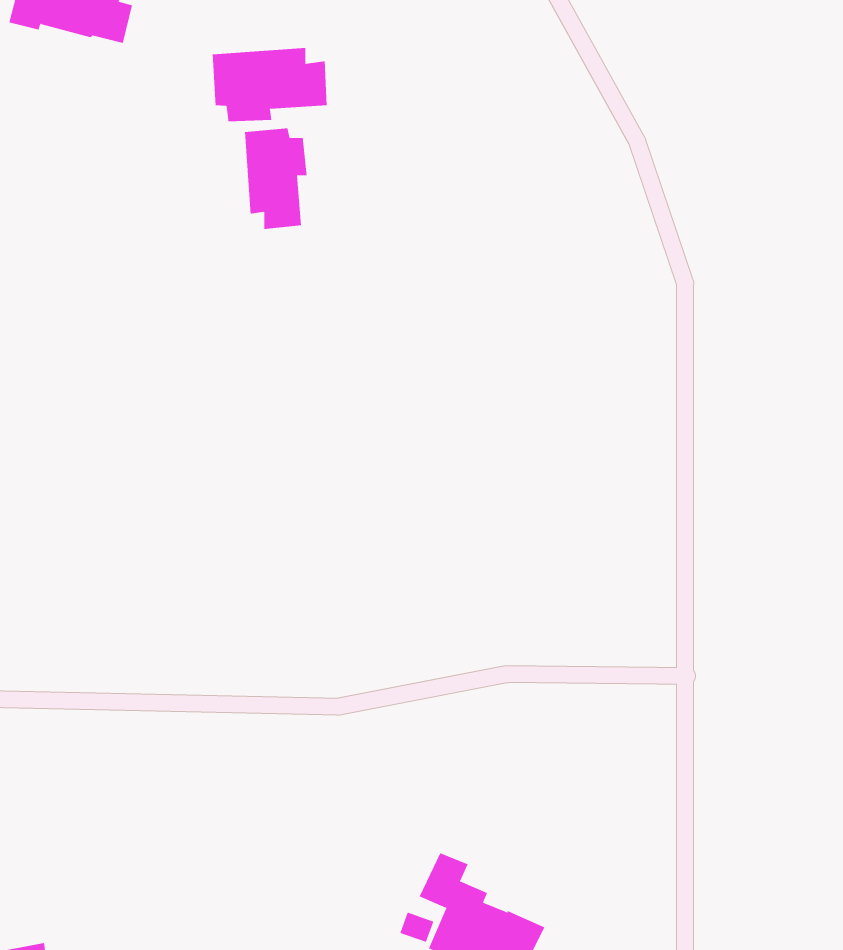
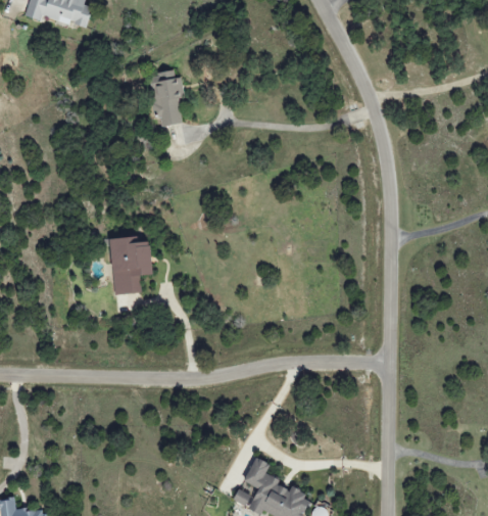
building: [212,47,327,122] -> none
building: none -> [109,237,152,295]

